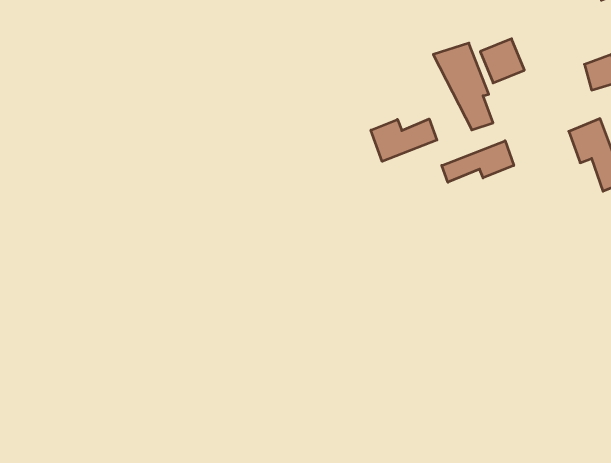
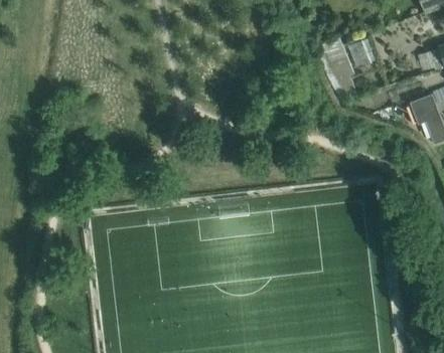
building: [371,119,437,161] -> none
building: [442,141,514,182] -> none

